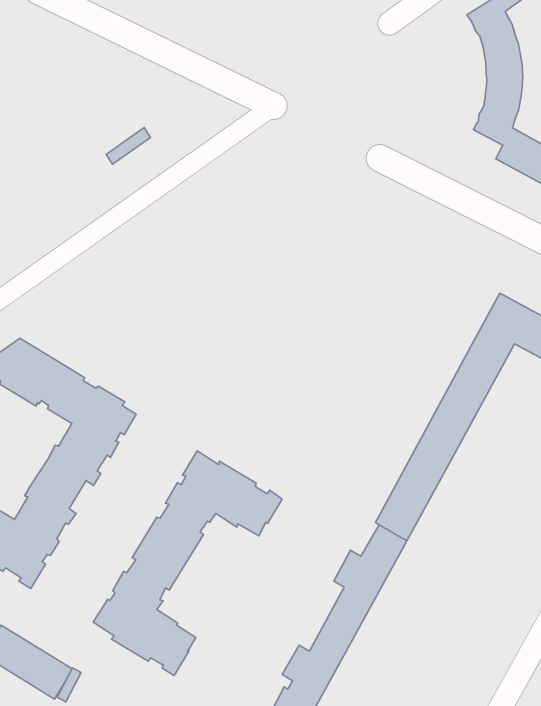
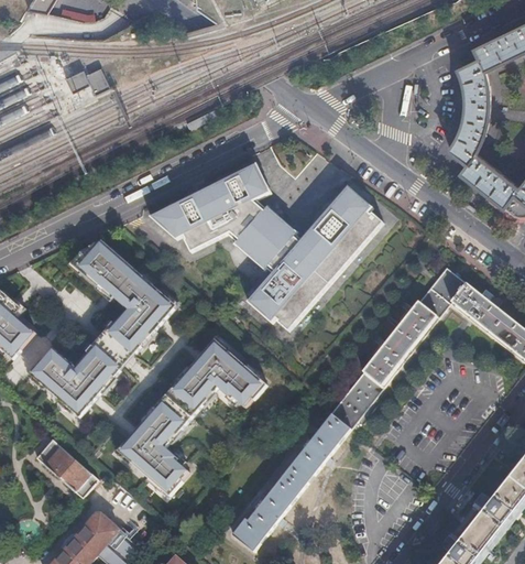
building: none -> [149,162,382,329]

